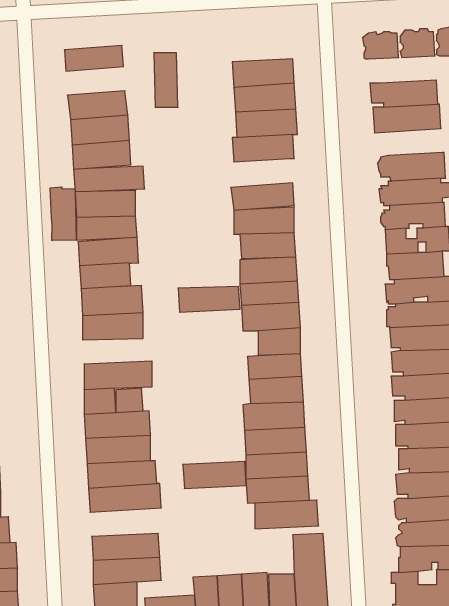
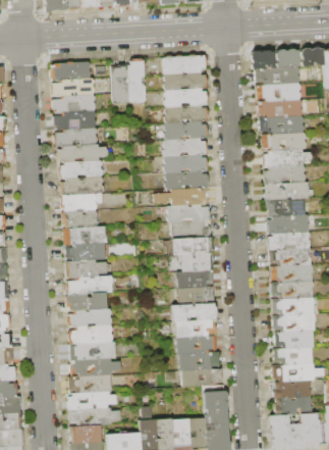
building: none -> [163,52,205,70]
building: none -> [126,58,146,101]
building: none -> [256,66,301,85]
building: none -> [52,73,92,93]
building: none -> [260,115,306,134]
building: none -> [165,136,205,155]
building: [50,187,76,241] -> none
building: [178,287,240,312] -> [63,257,105,274]
building: [183,461,246,489] -> [68,372,111,391]

